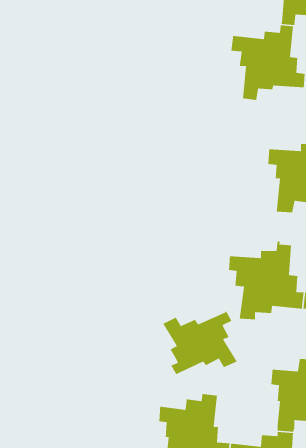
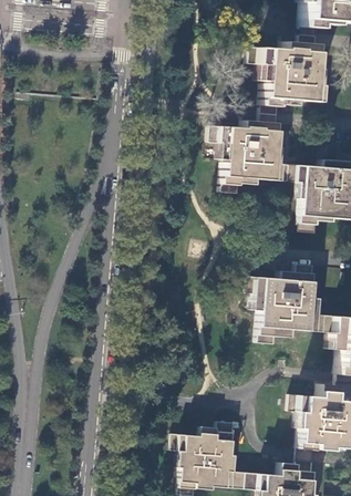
building: none -> [206,113,288,193]
building: [162,310,238,375] -> none

